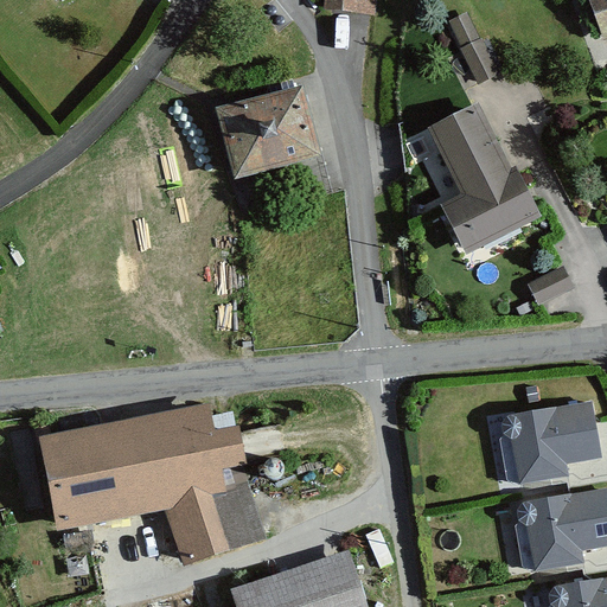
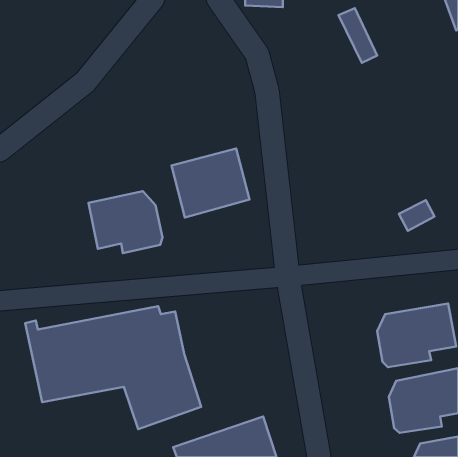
building: [217,88,320,179] -> [171,148,250,218]
building: [426,103,541,255] -> none
building: none -> [89,191,162,253]

